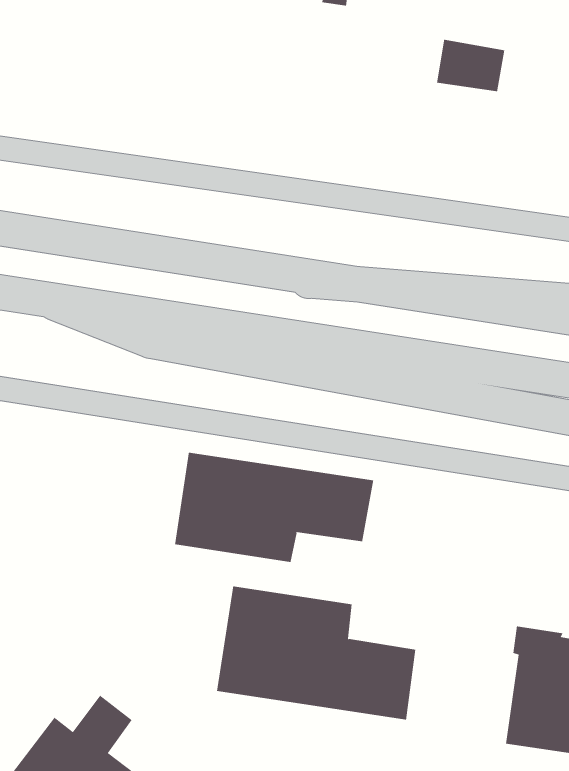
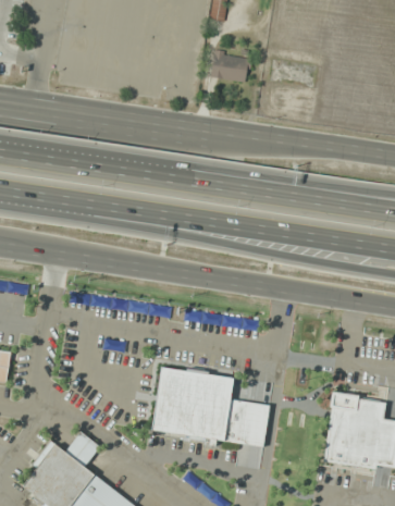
building: [436,39,505,92] -> [212,50,254,82]
building: [174,452,374,563] -> none

